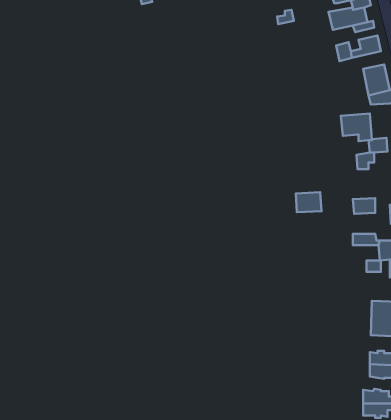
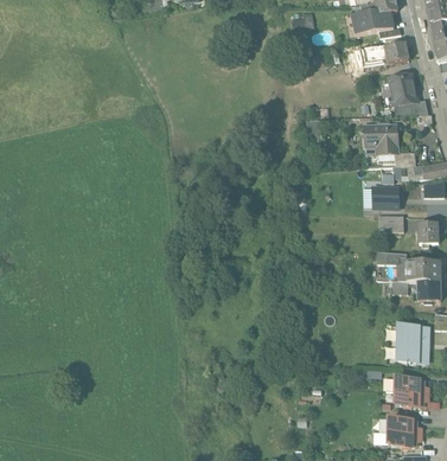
building: [296,192,321,212] -> [372,187,400,209]

